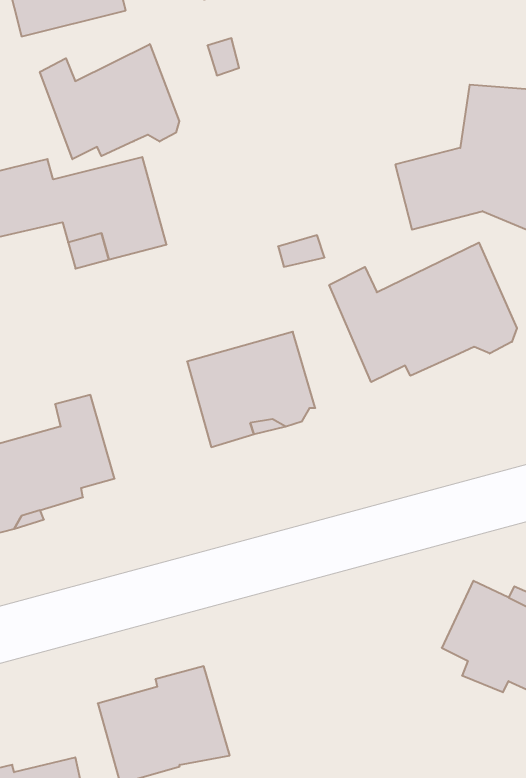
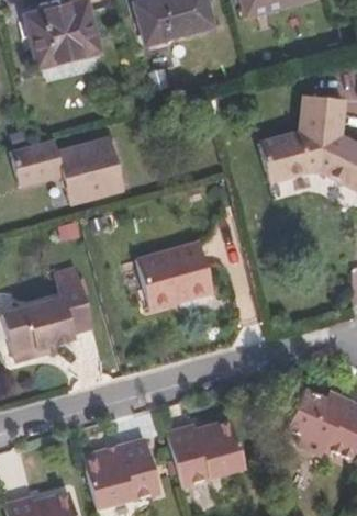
building: [40,44,179,159] -> none
building: [329,243,517,382] -> none
building: none -> [167,419,245,486]

